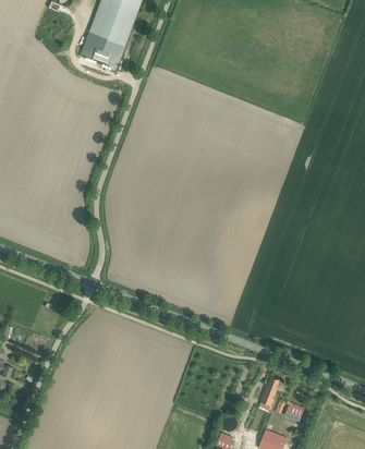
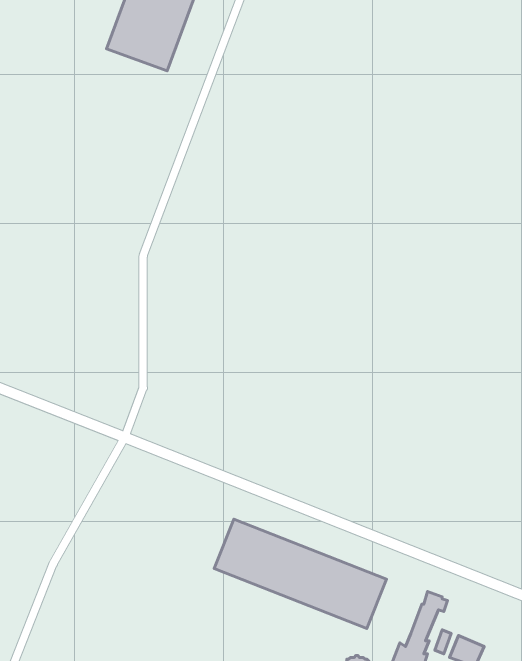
building: none -> [214,519,387,629]

